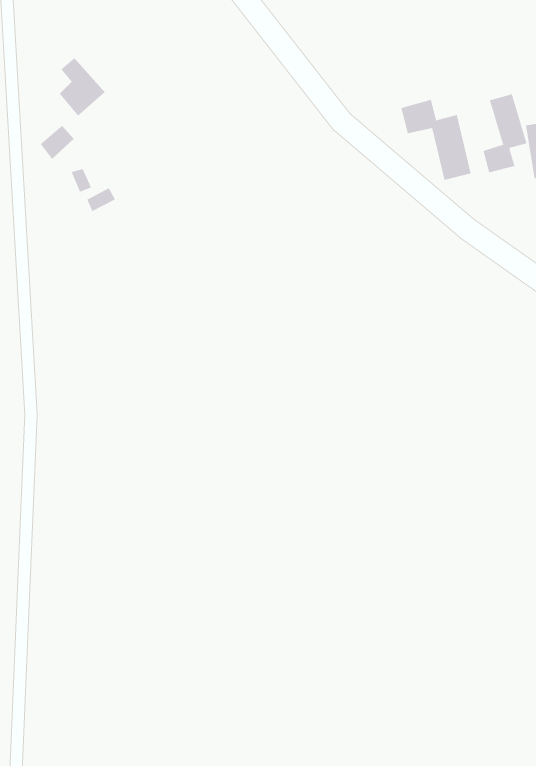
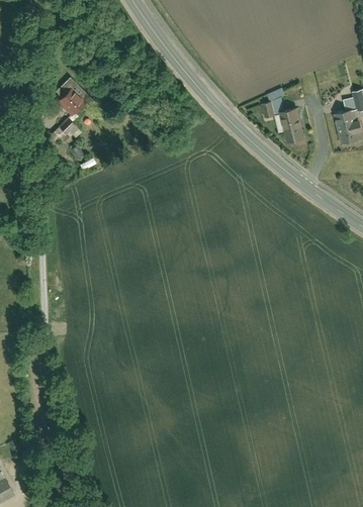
building: [483,93,527,173] -> none

